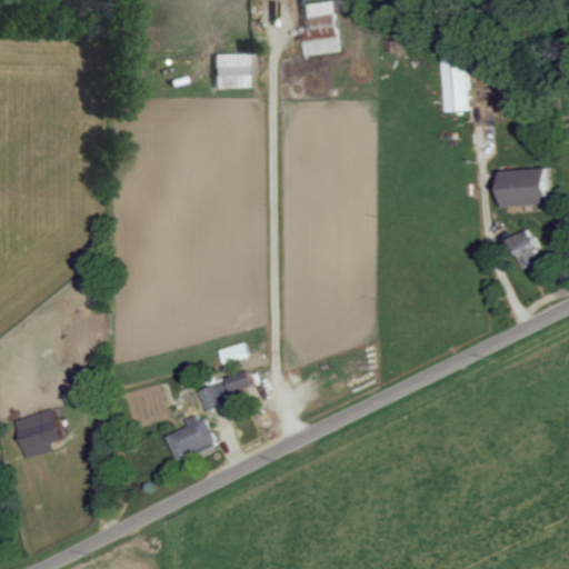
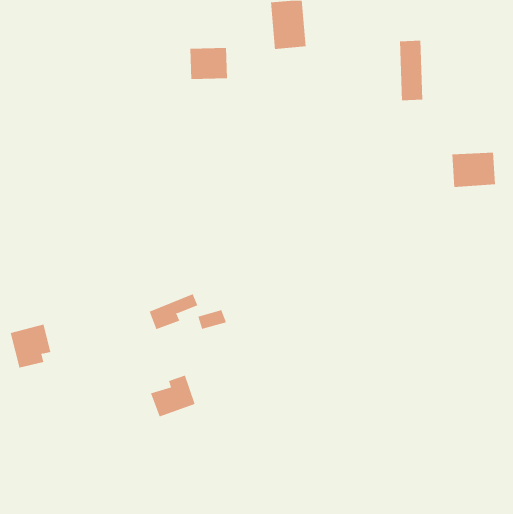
building: [506,229,540,269] -> none
building: [198,371,252,411] -> [149,294,198,330]
building: [14,410,60,459] -> [10,324,51,368]

